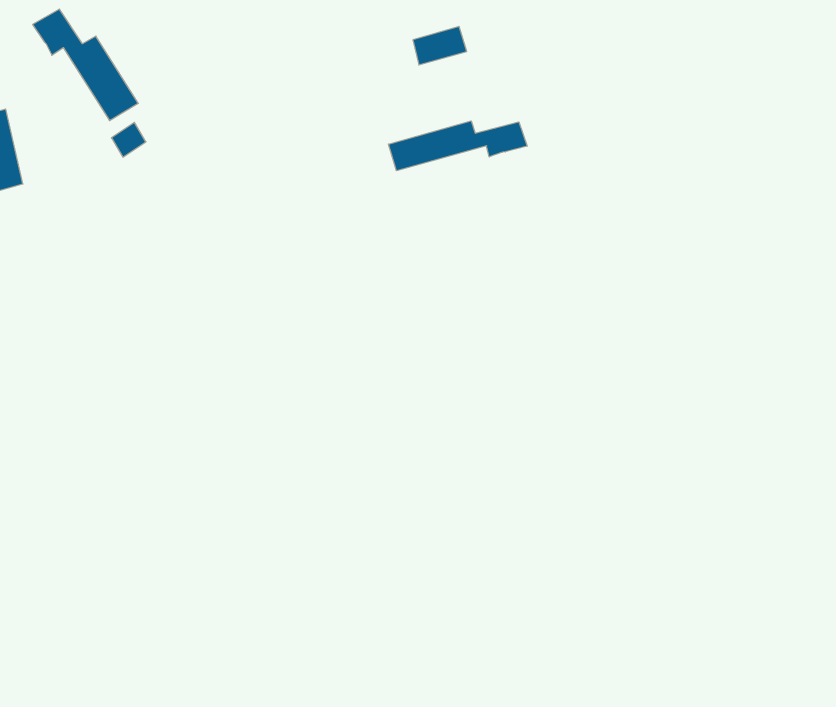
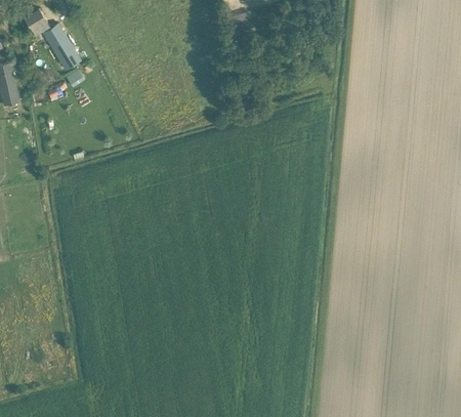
building: [388,121,527,171] -> none

